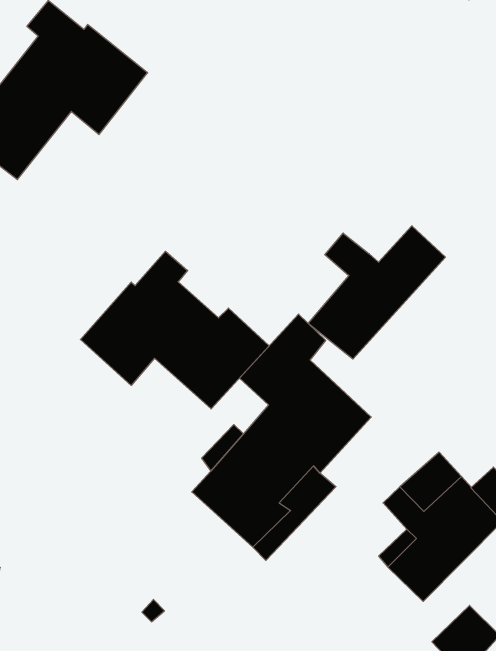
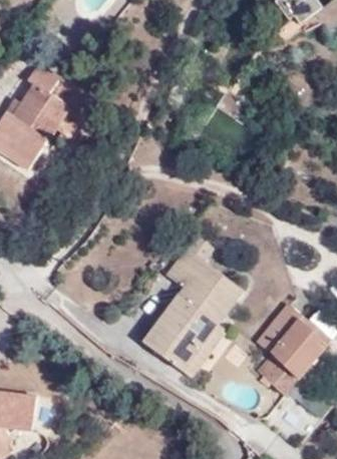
building: [308,226,445,359] -> none
building: [80,251,269,409] -> none

